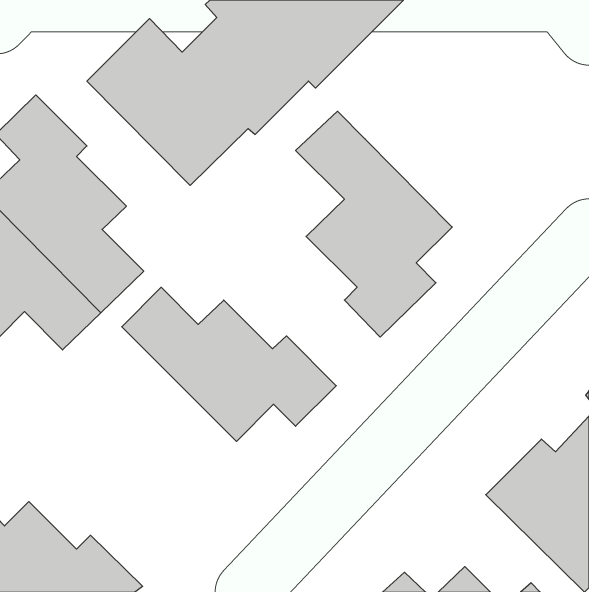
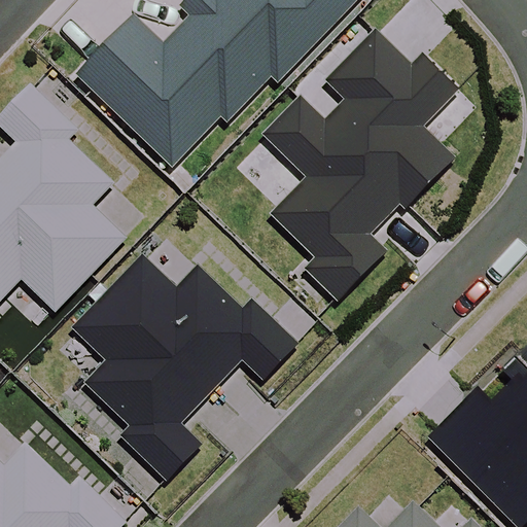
building: none -> [324,31,458,206]
building: none -> [71,290,210,479]

